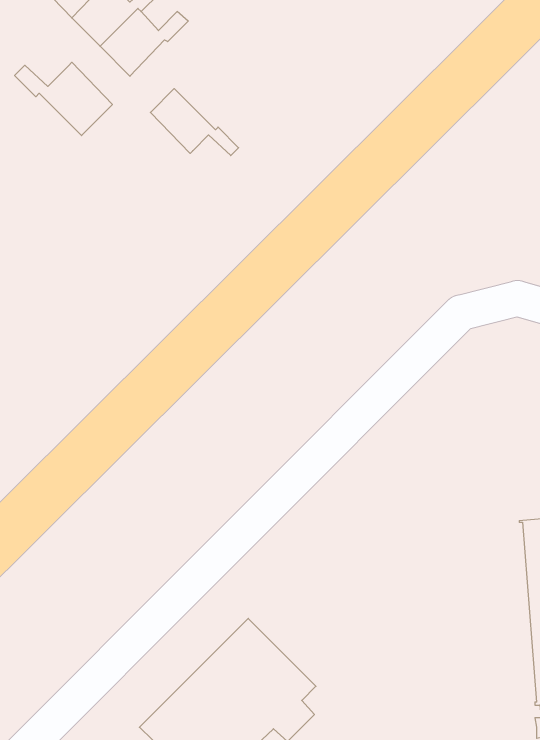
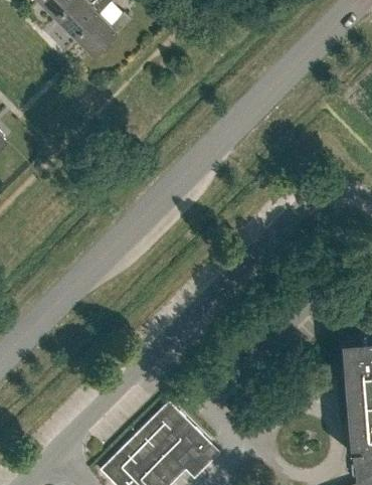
building: [15,62,112,136] -> none
building: [150,89,239,156] -> none

